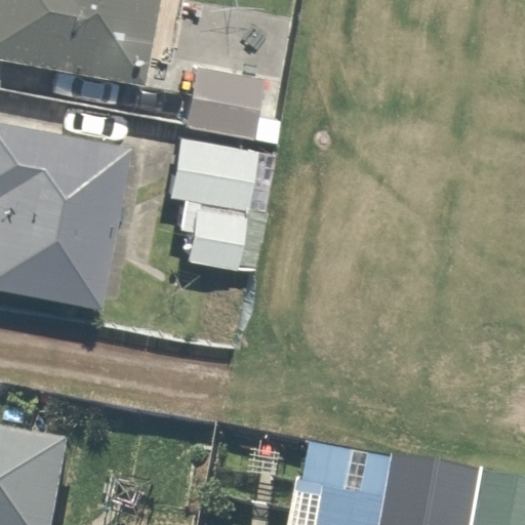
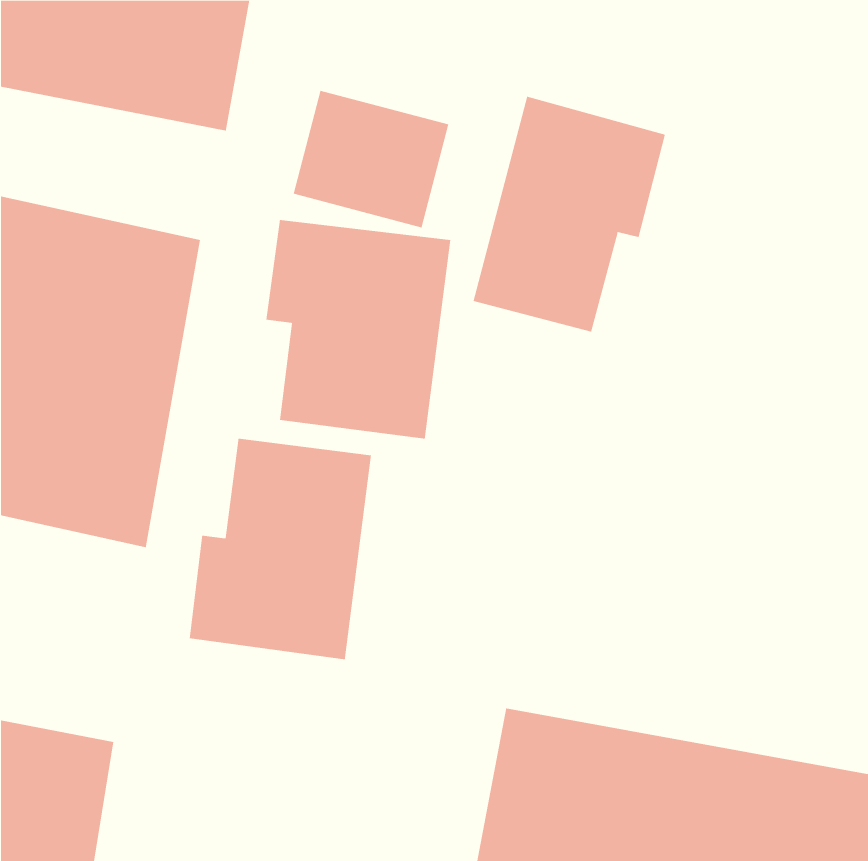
building: none -> [473,96,665,333]
building: none -> [189,438,371,660]

